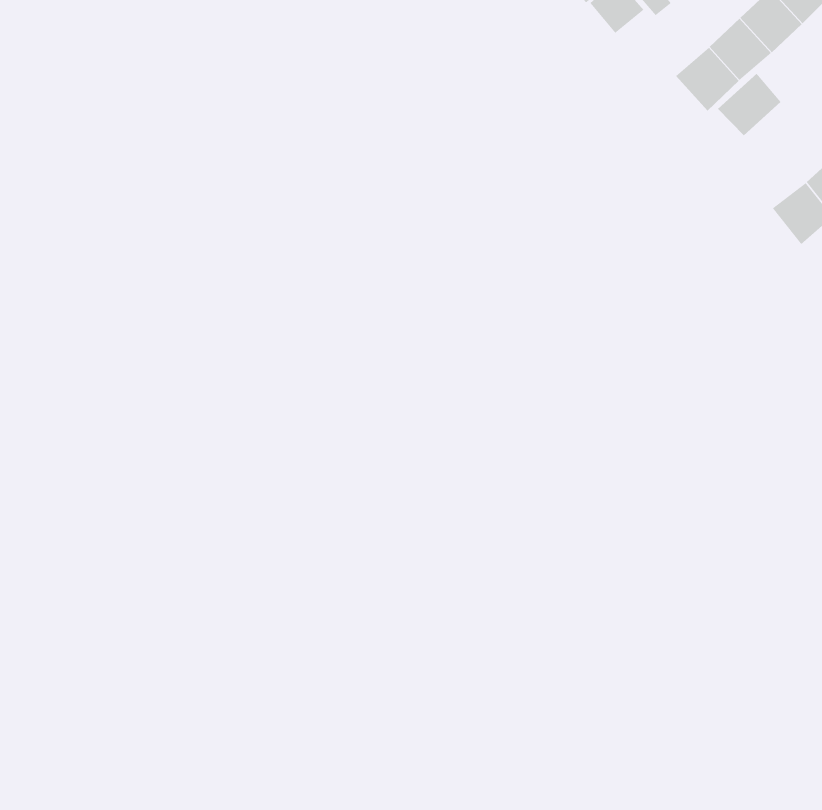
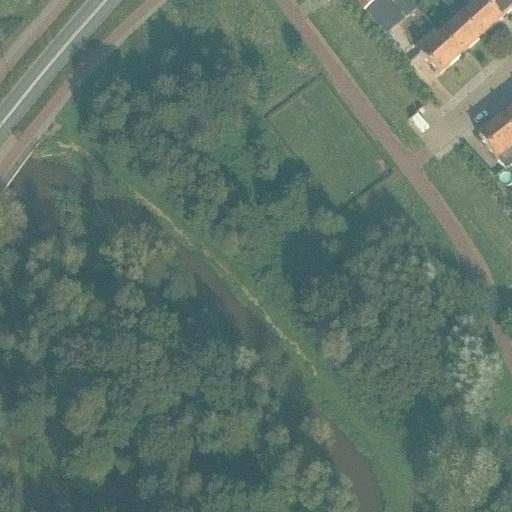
building: [717,73,782,136] -> none

